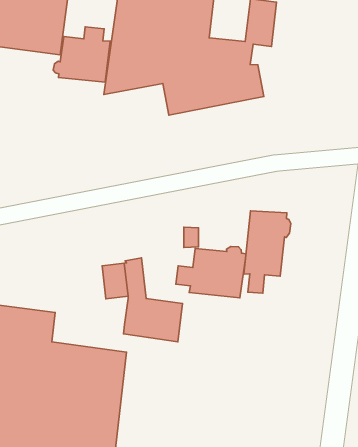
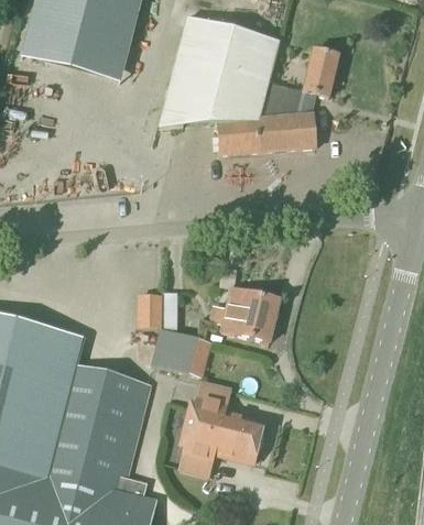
building: [53,27,110,82] -> none
building: [244,211,291,293] -> none
building: none -> [177,380,265,479]

